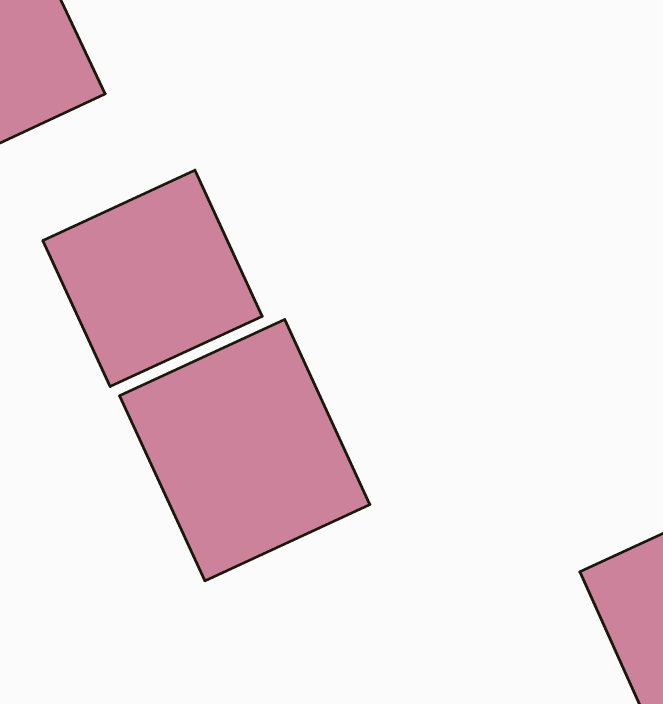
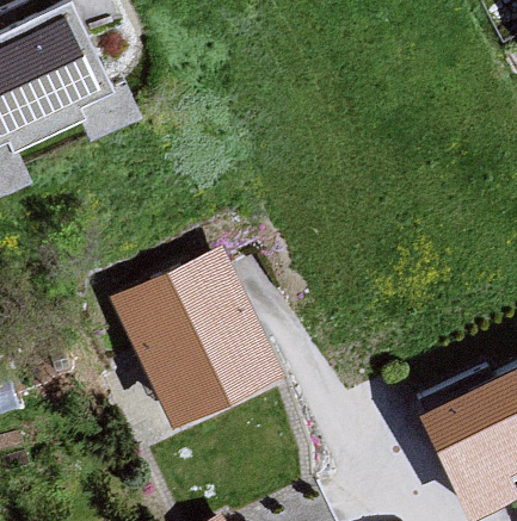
building: [43,170,262,387] -> none

